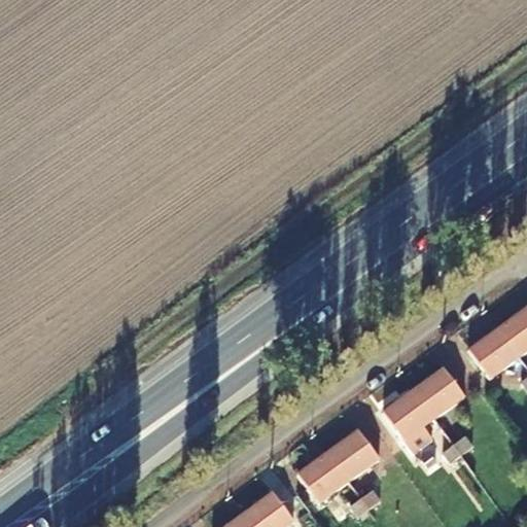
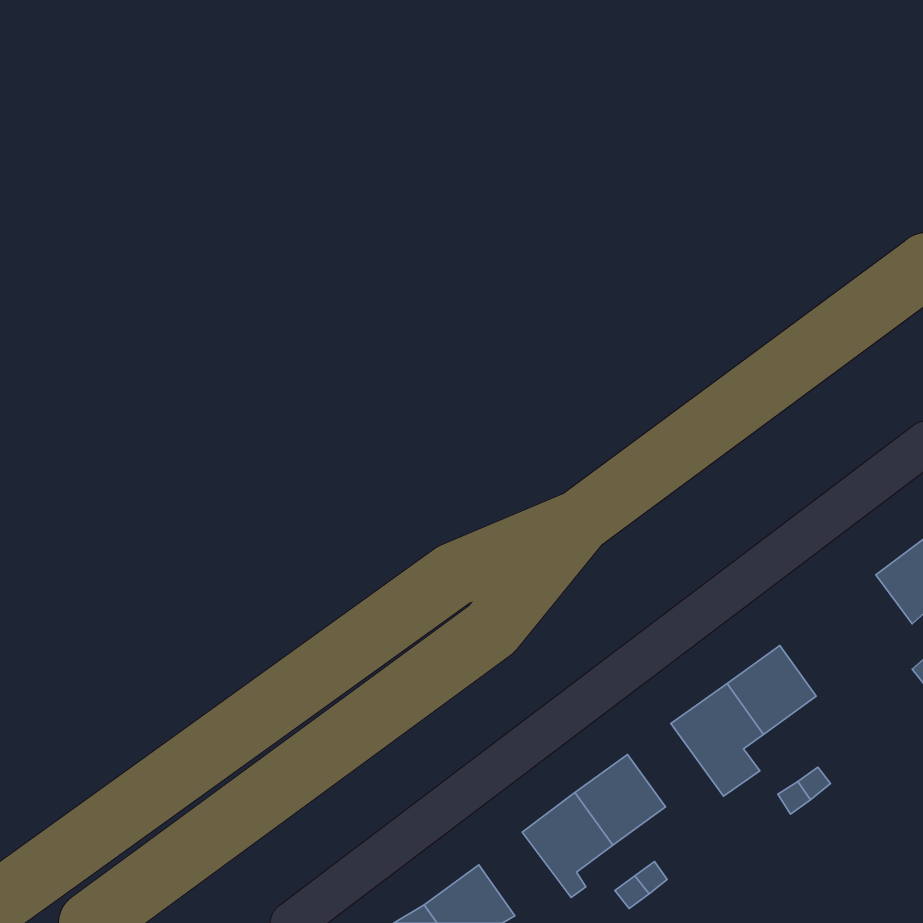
building: [469,326,520,376] -> none

